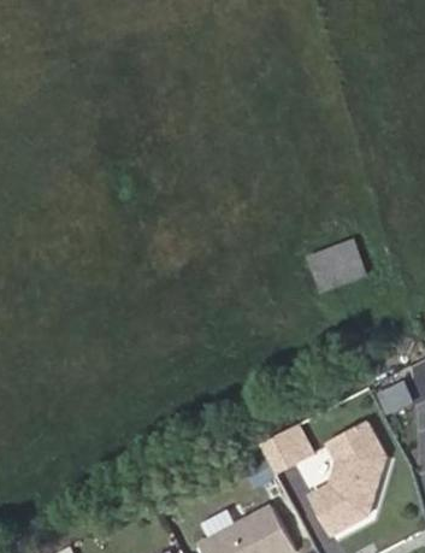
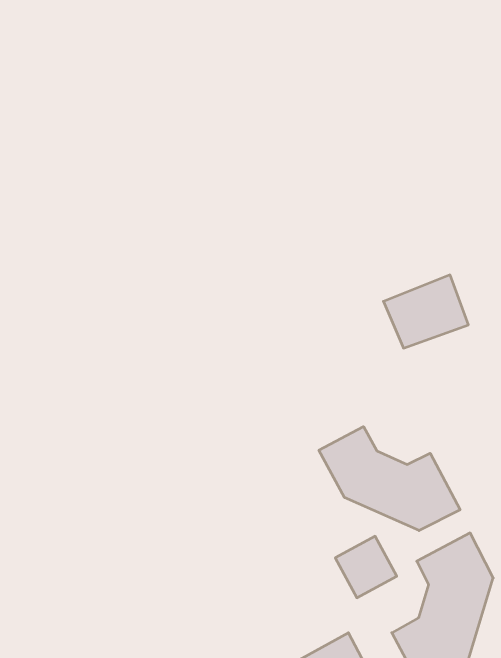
building: none -> [319,427,460,531]

